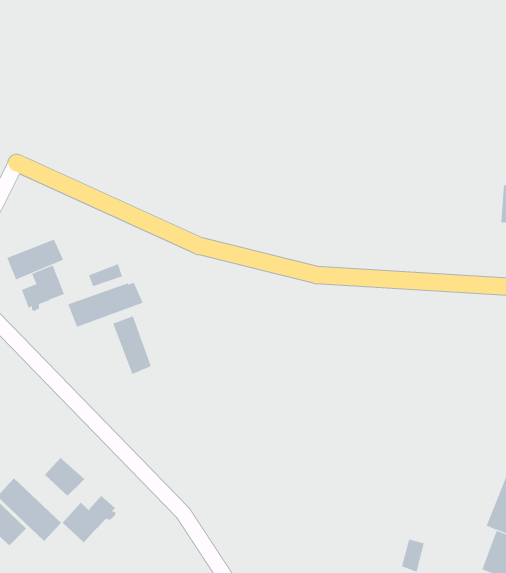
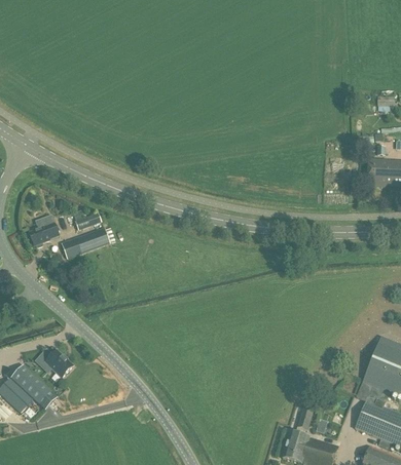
building: [7,239,64,280] -> none
building: [112,315,152,375] -> none
building: [62,495,116,543] -> none

